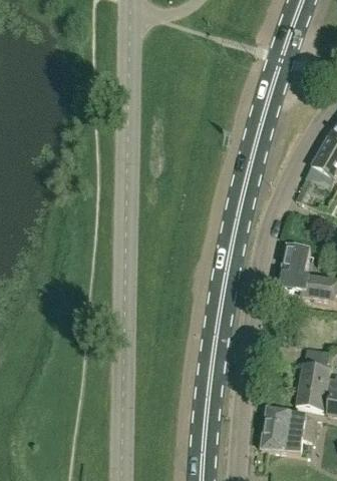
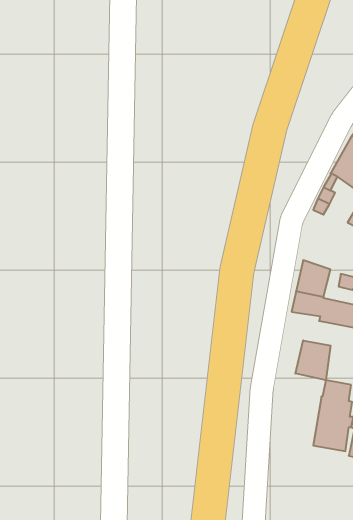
building: none -> [295,340,331,380]
building: [261,408,317,455] -> none

